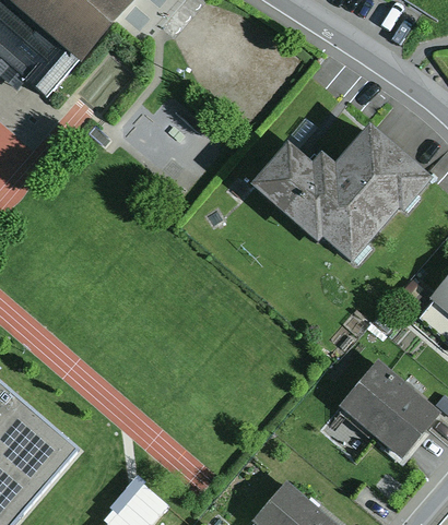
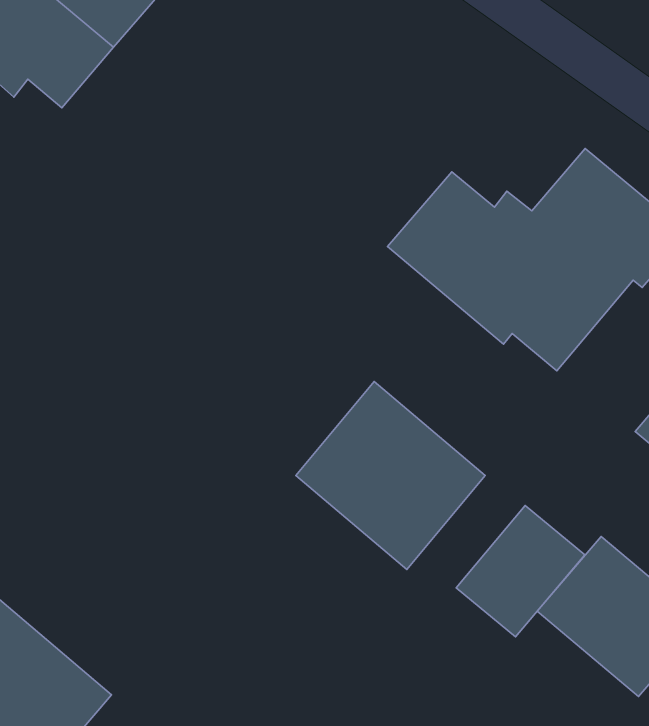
building: none -> [296,381,485,569]
building: none -> [456,506,585,637]

